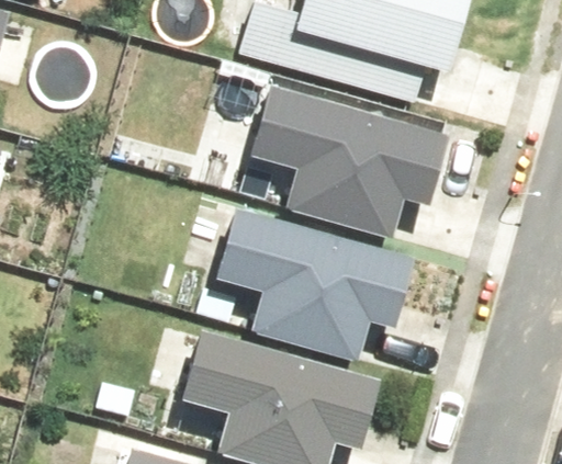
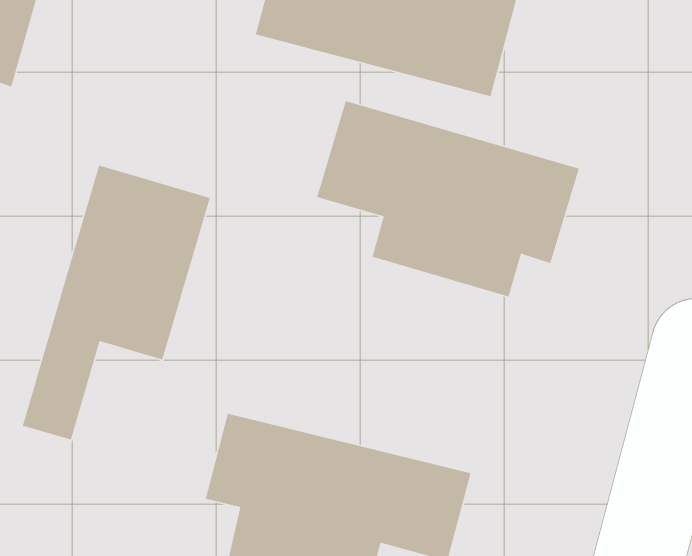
building: none -> [22,164,211,440]
building: [224,211,428,370] -> none

